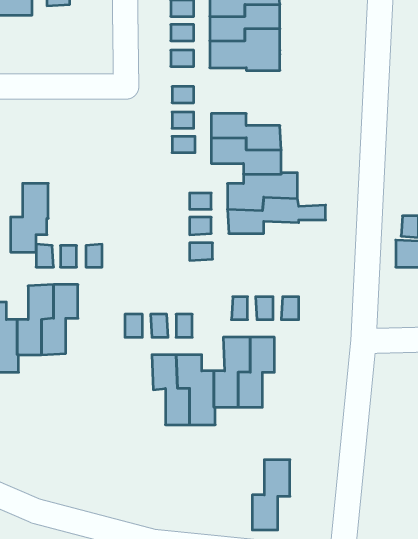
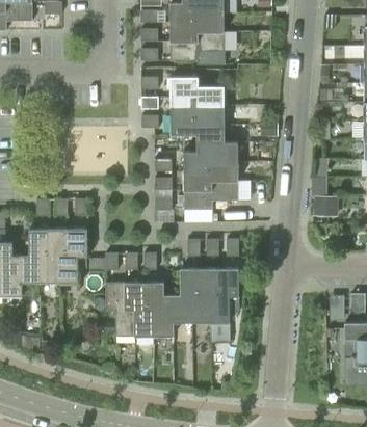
building: none -> [171,77,224,106]
building: [11,183,48,252] -> [58,229,87,282]
building: none -> [184,180,238,209]
building: none -> [105,283,135,337]
building: [252,460,290,530] -> [210,269,239,323]

